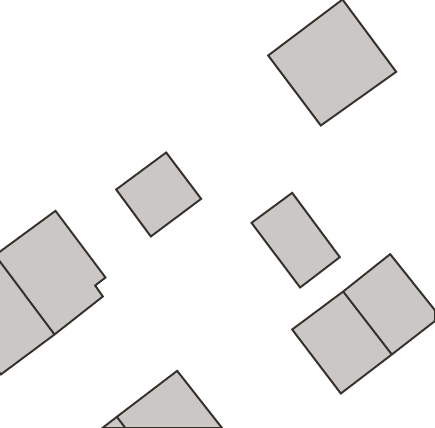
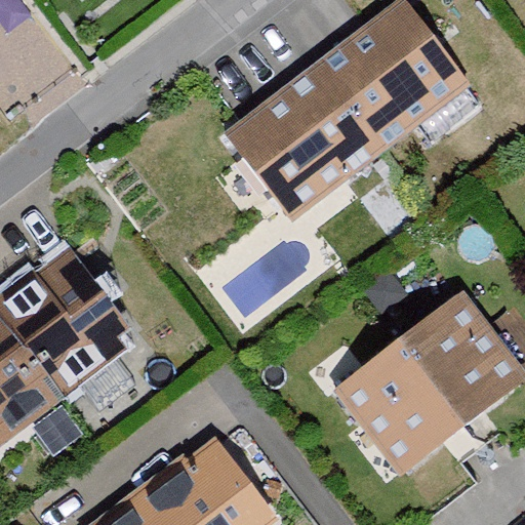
building: none -> [225,66,380,218]
building: [116,153,201,236] -> none
building: [252,193,340,288] -> none

